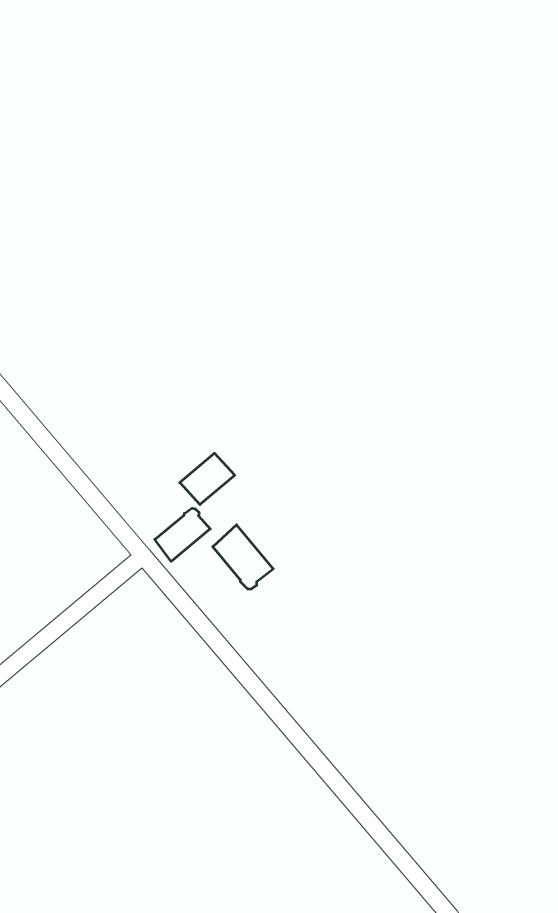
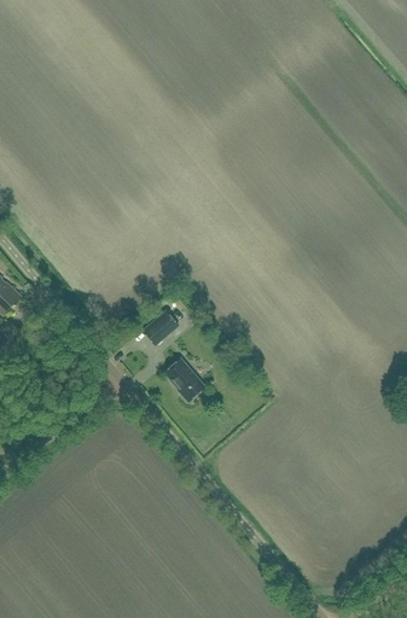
building: [155,508,210,561] -> none

